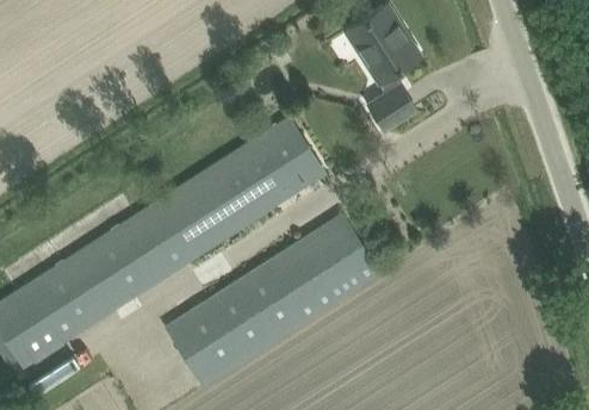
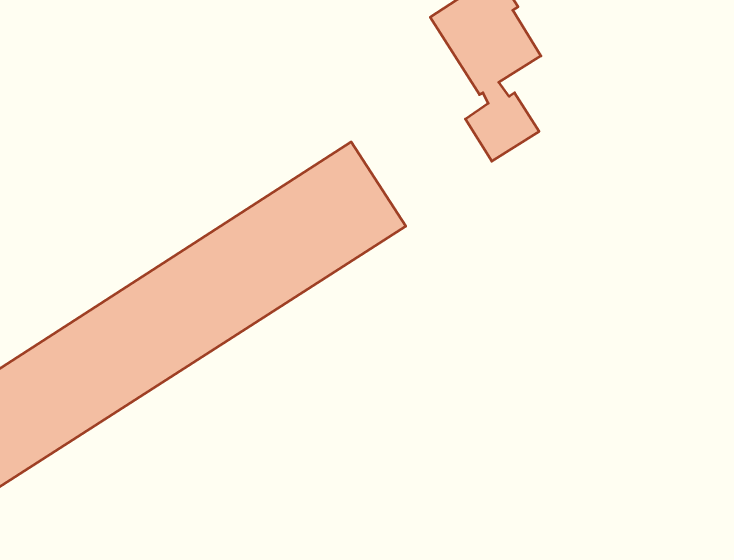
building: [166,211,383,385] -> none

